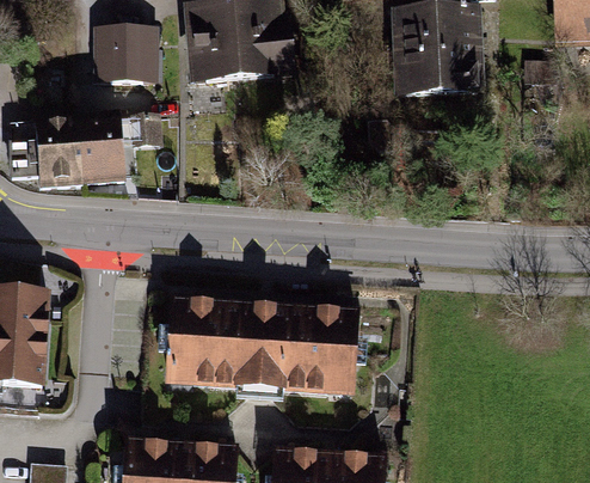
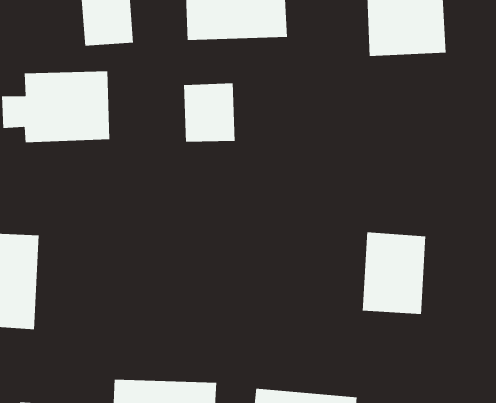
building: none -> [184,83,235,142]
building: none -> [362,231,426,315]
building: [167,296,358,395] -> none

